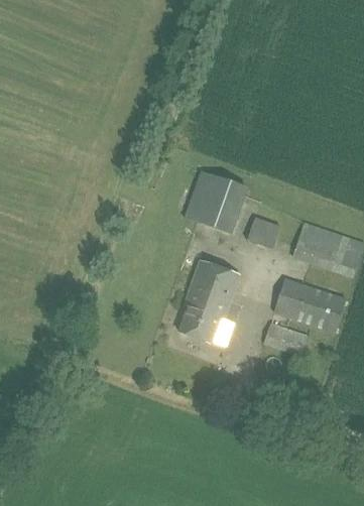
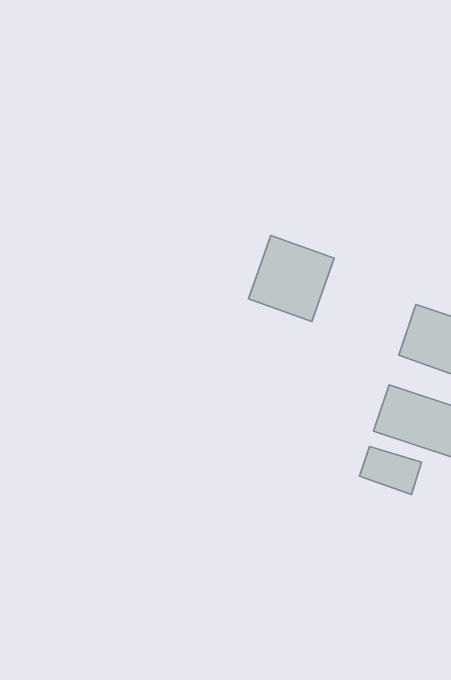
building: [247,217,281,248] -> none
building: [178,260,240,343] -> none

